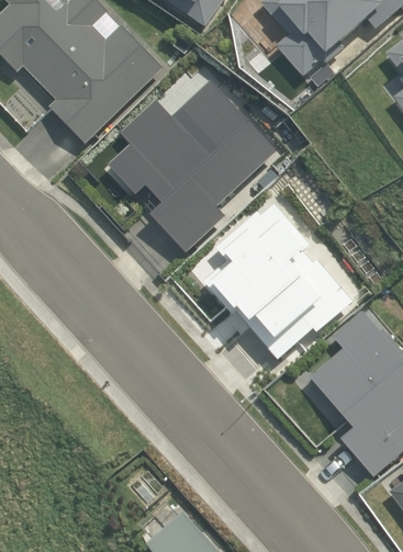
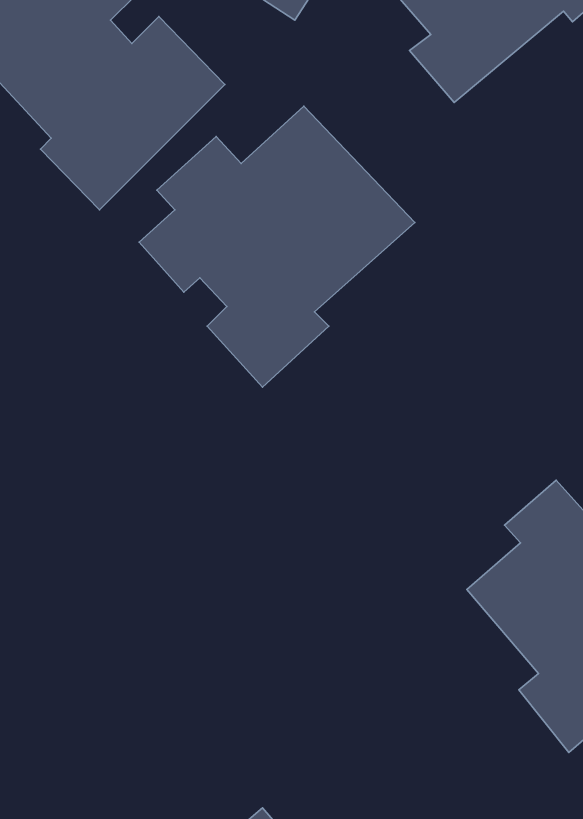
building: [204,203,354,358] -> none

